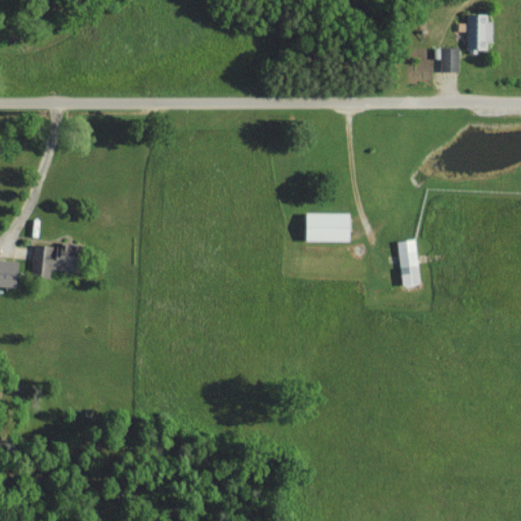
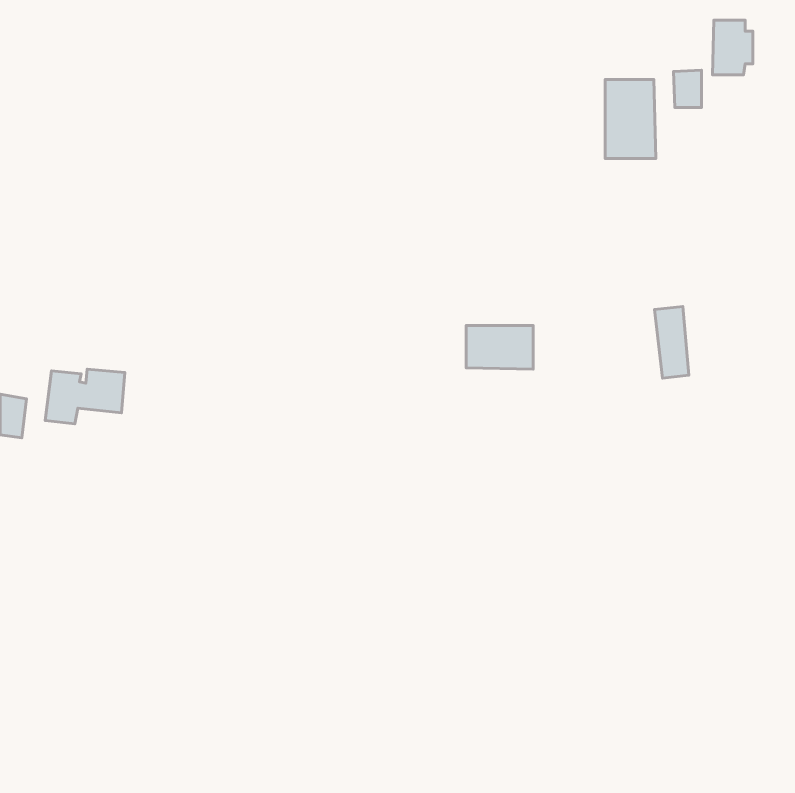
building: none -> [605,80,656,159]
building: [397,240,419,287] -> [655,307,689,378]

